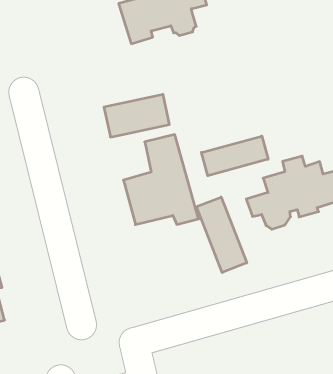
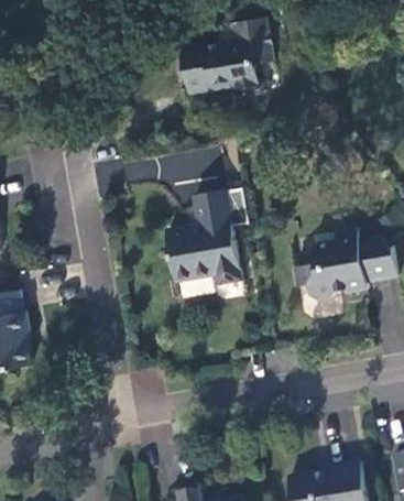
building: [201,136,268,176] -> none
building: [197,197,247,273] -> none

